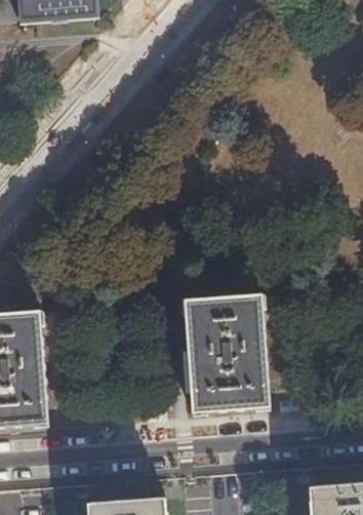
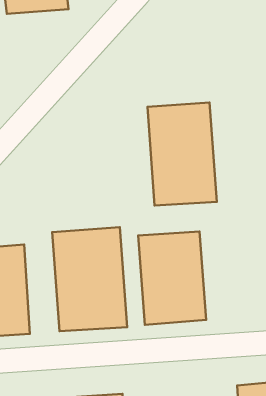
building: none -> [147,102,217,205]
building: none -> [52,227,127,331]

